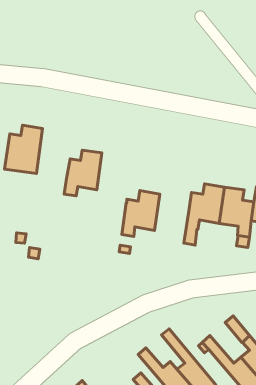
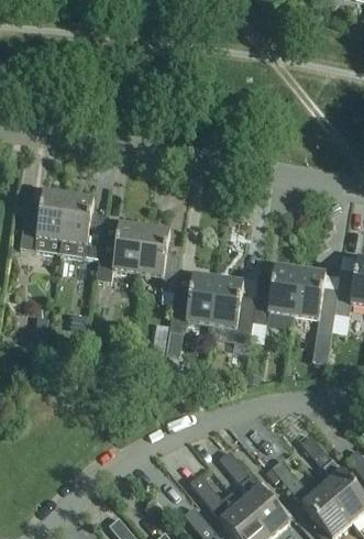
building: none -> [60,195,107,258]
building: none -> [137,226,183,289]
building: none -> [211,278,255,342]

